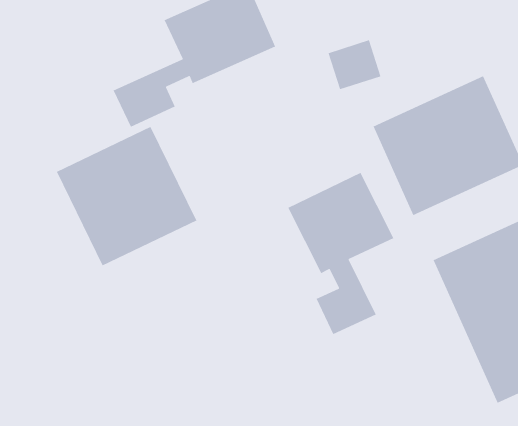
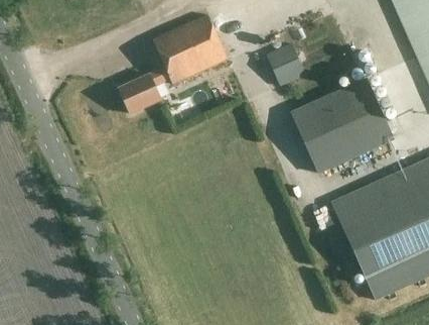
building: [56,126,197,267] -> none
building: [287,172,395,335] -> none

